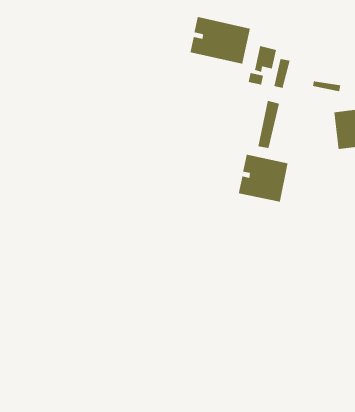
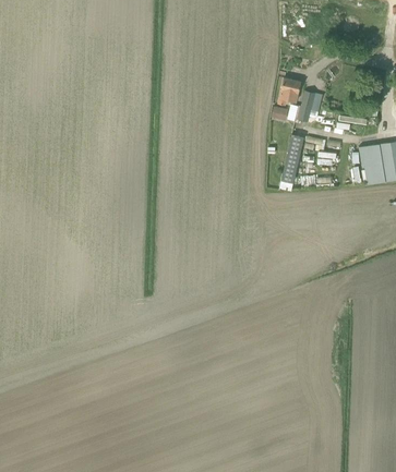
building: [190,16,250,64] -> none
building: [238,154,288,203] -> none

